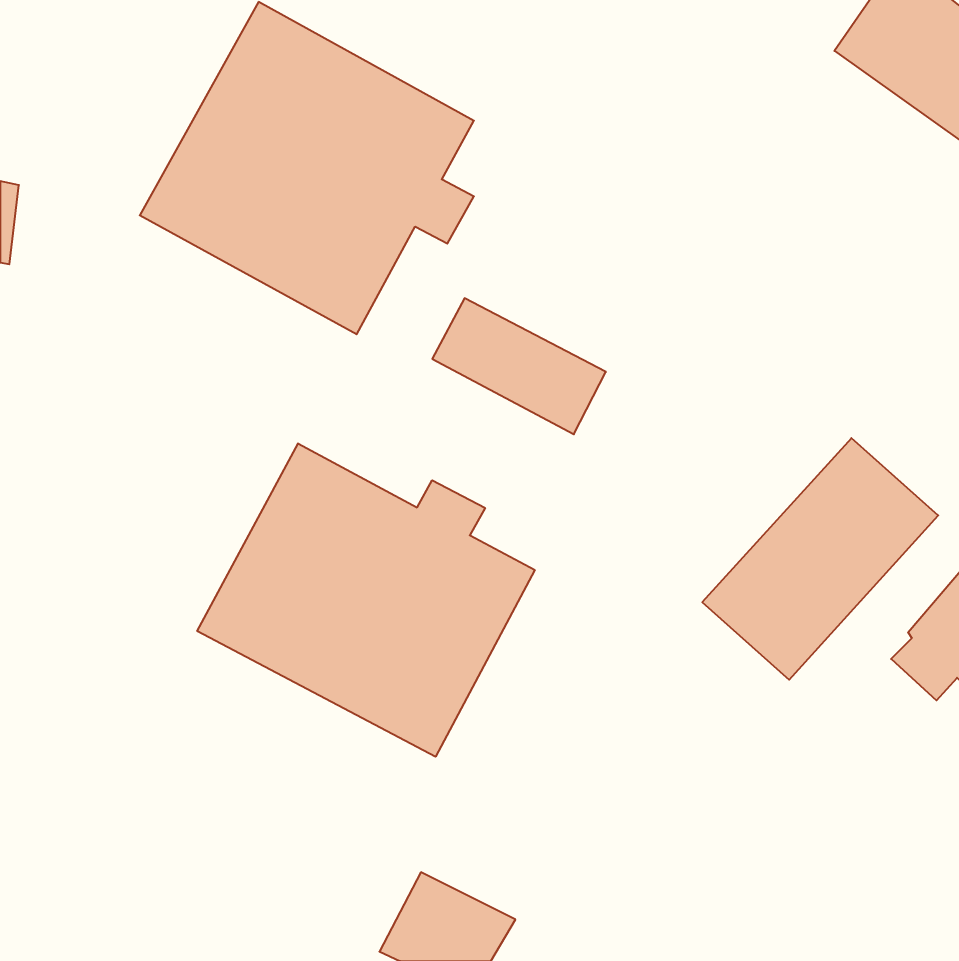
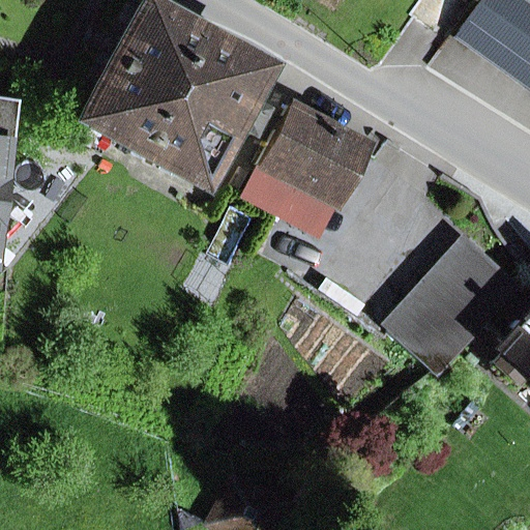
building: none -> [258,105,366,204]
building: [197,443,535,757] -> none

